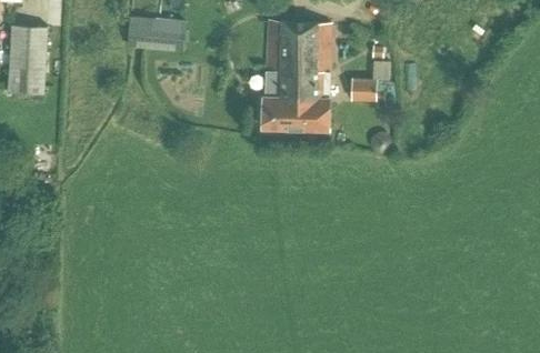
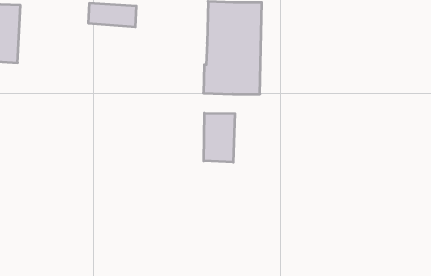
building: [351,79,384,102] -> none
building: none -> [204,113,235,162]

